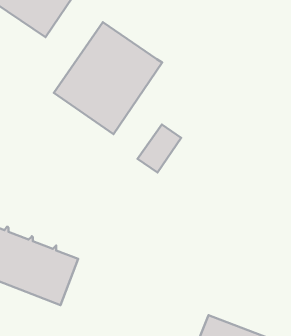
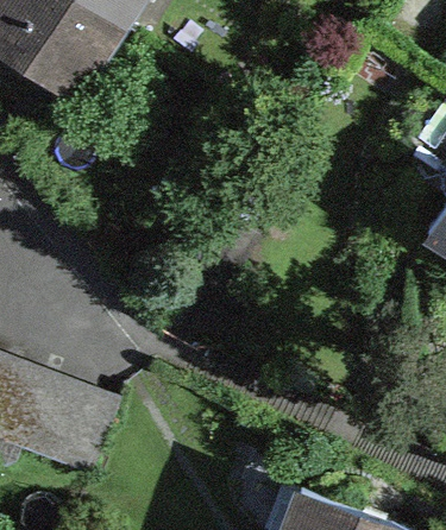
building: [54,22,162,134] -> none

